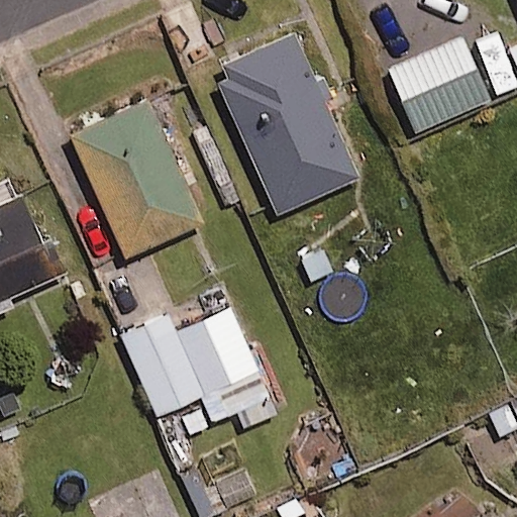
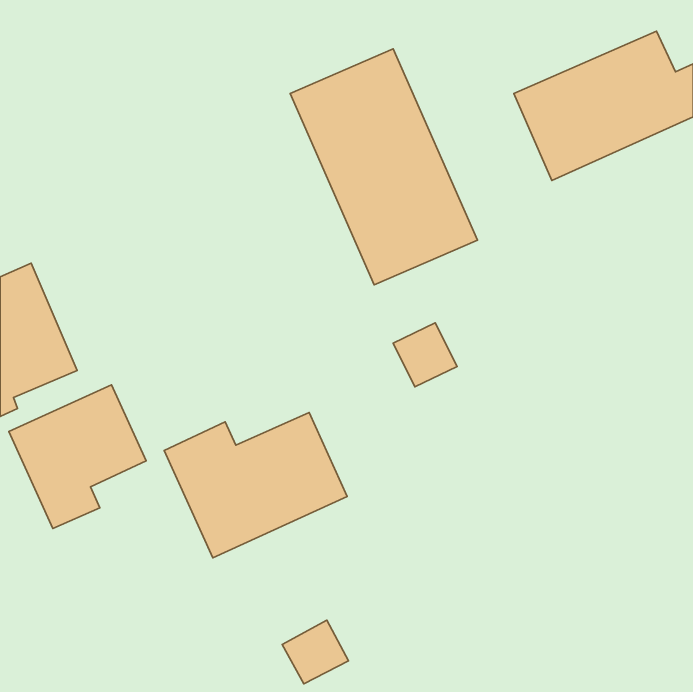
building: [71,103,201,257] -> none
building: none -> [9,385,146,529]

